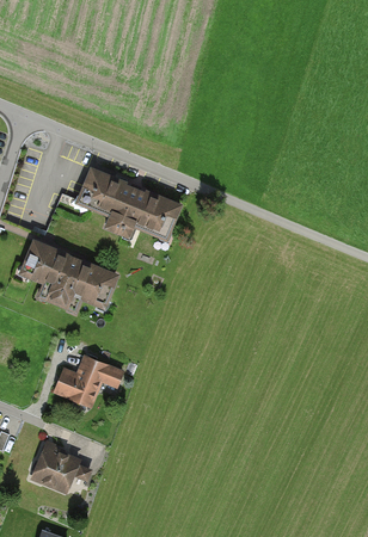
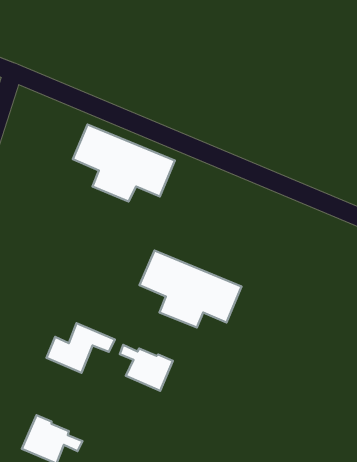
building: [22,239,119,313] -> [140,250,242,327]
building: none -> [120,345,173,391]

